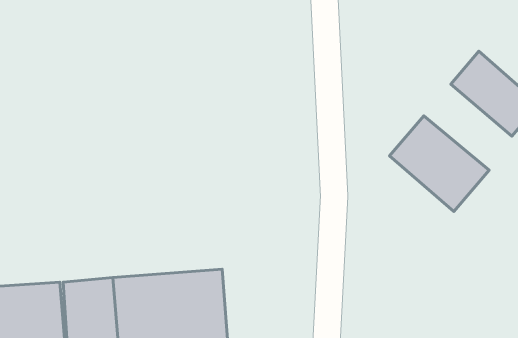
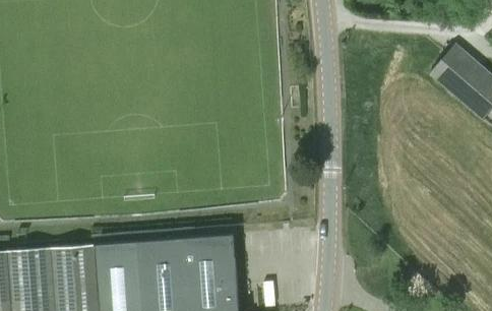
building: [390,116,489,212] -> none

